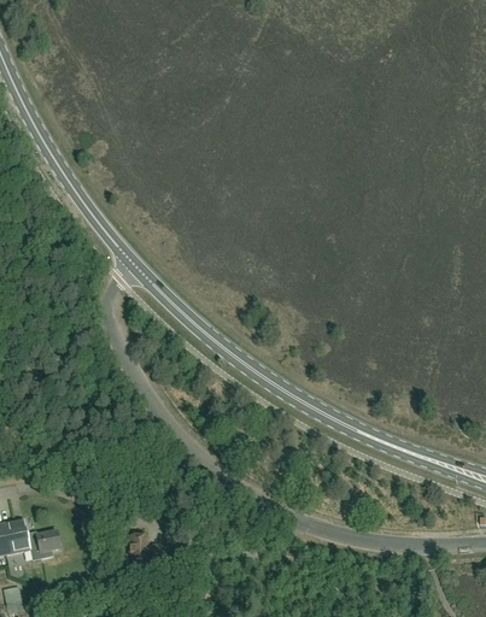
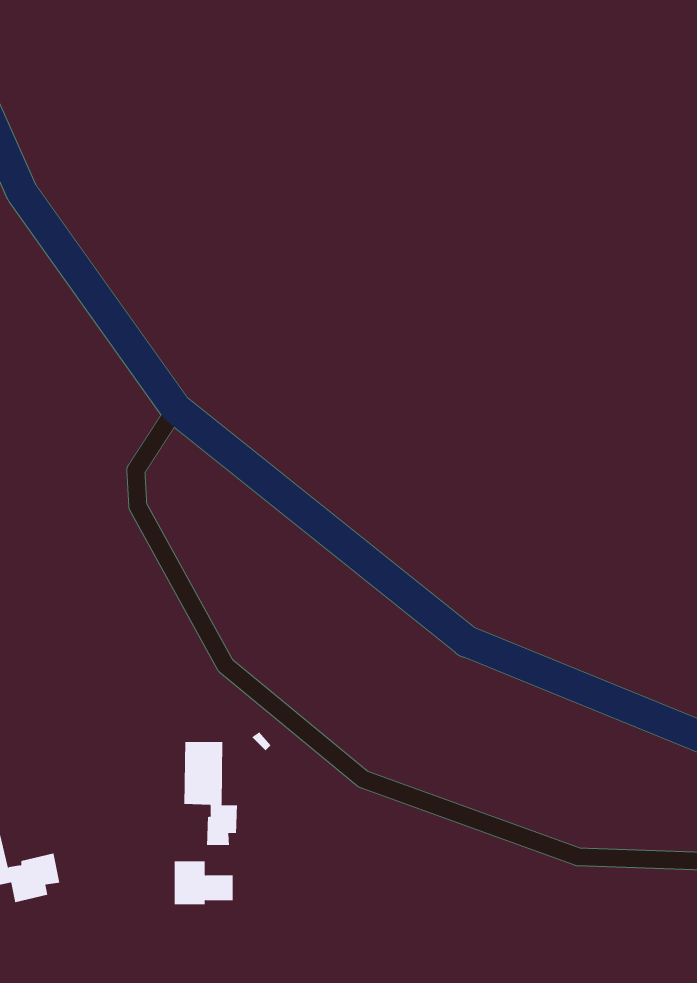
building: none -> [184,741,237,846]

